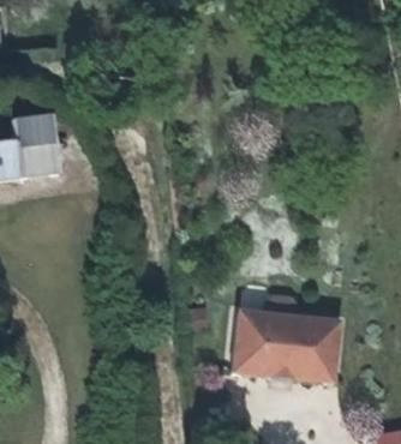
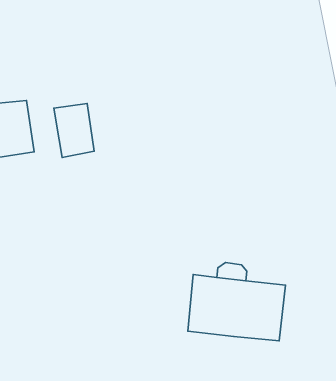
building: none -> [54,103,94,158]

